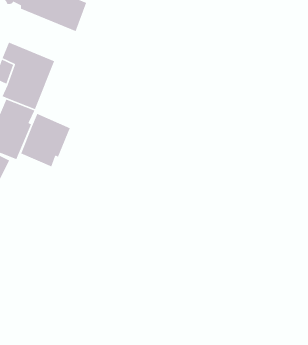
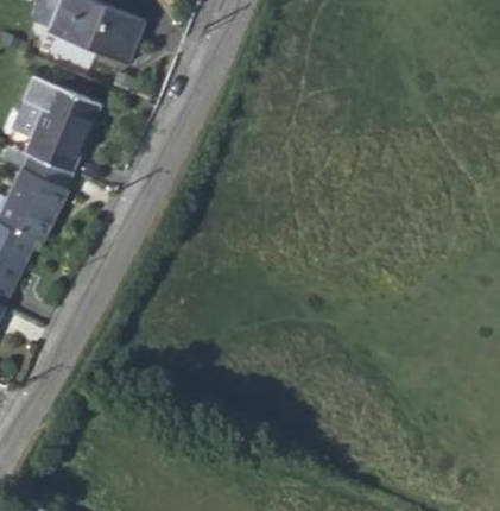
building: [20,113,71,167] -> none

